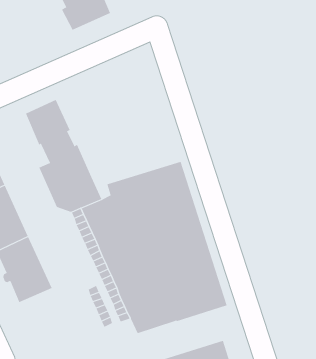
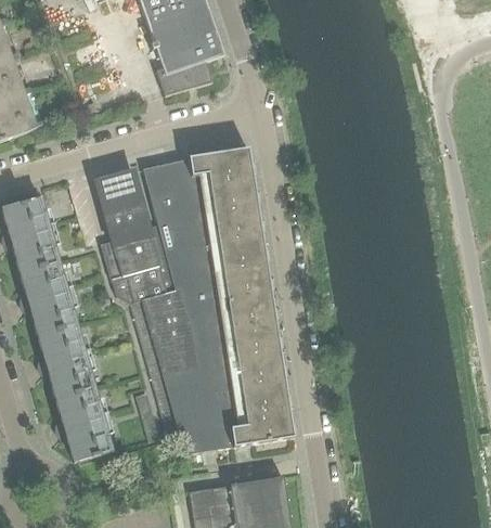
building: none -> [143,146,266,278]
building: none -> [54,386,113,461]

